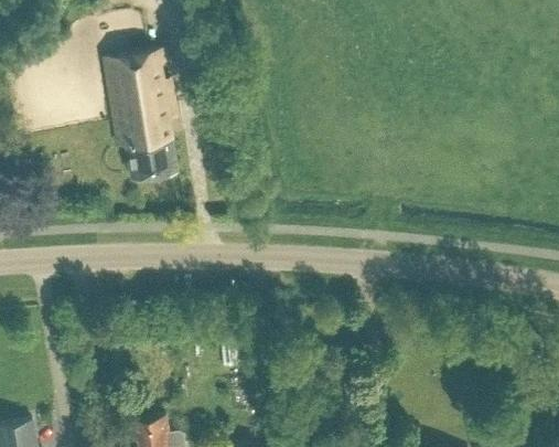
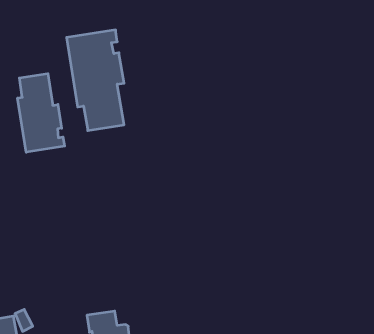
building: none -> [18,74,65,152]

